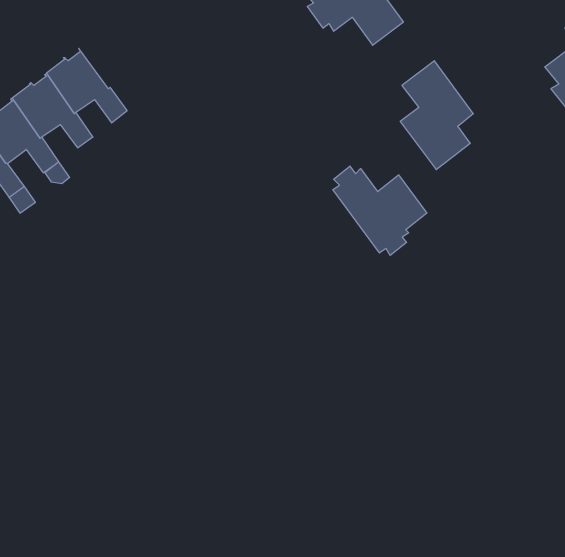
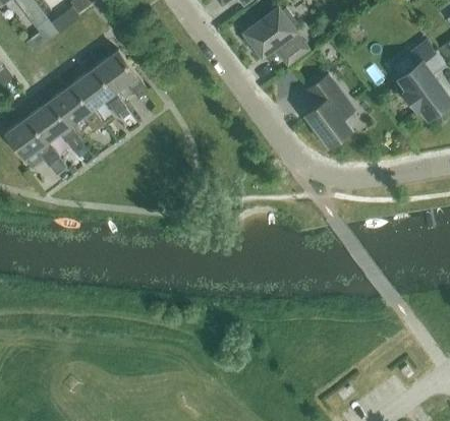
building: none -> [95,51,149,100]
building: [333,166,427,255] -> none

